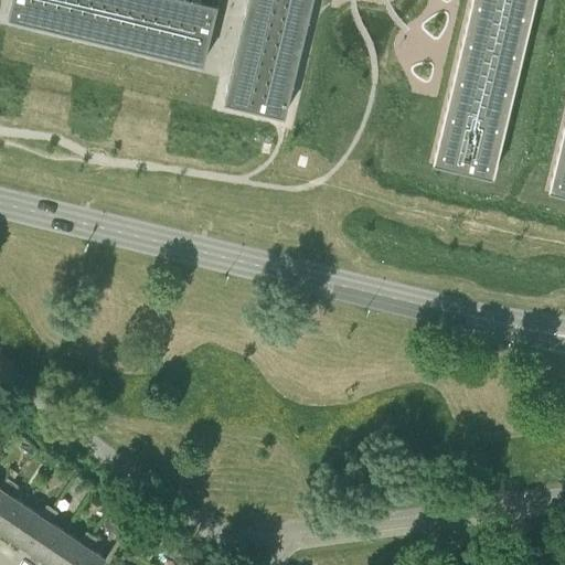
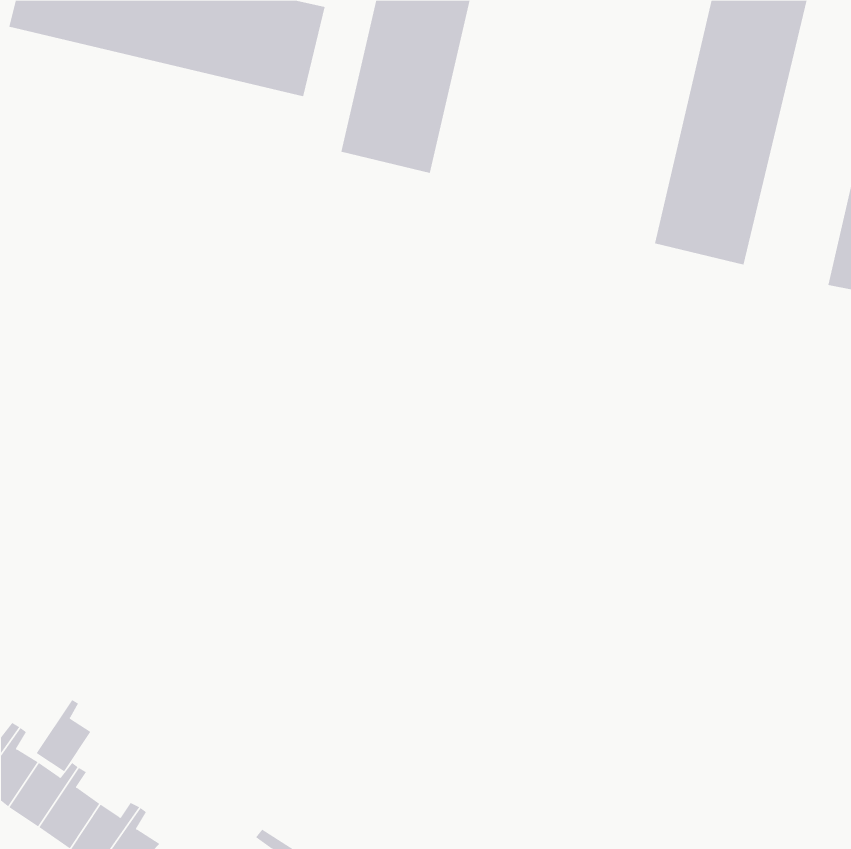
building: none -> [36,699,91,772]

